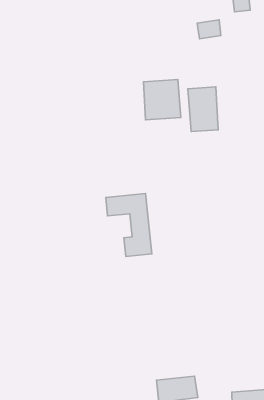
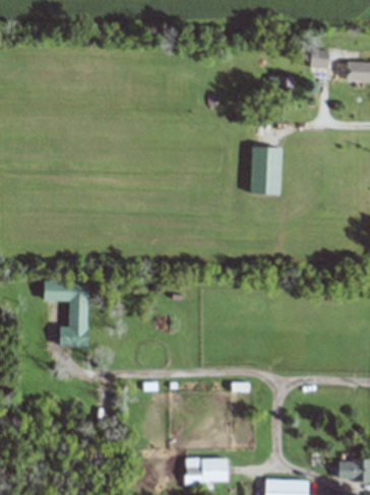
building: [143,80,181,120] -> none
building: [106,193,152,256] -> [45,281,88,347]

